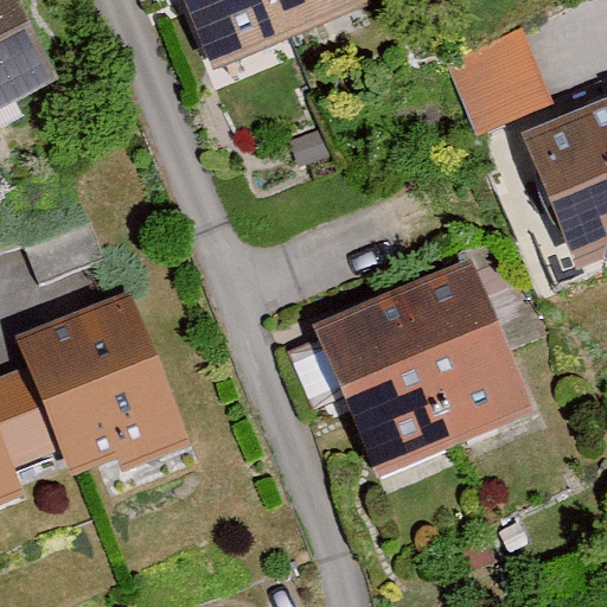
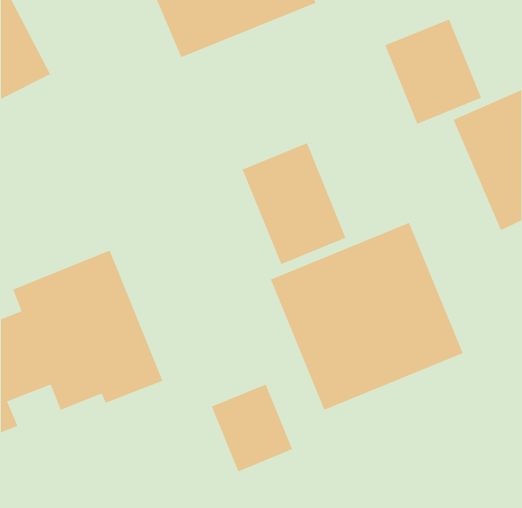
building: none -> [242,142,347,265]
building: none -> [211,383,293,472]

